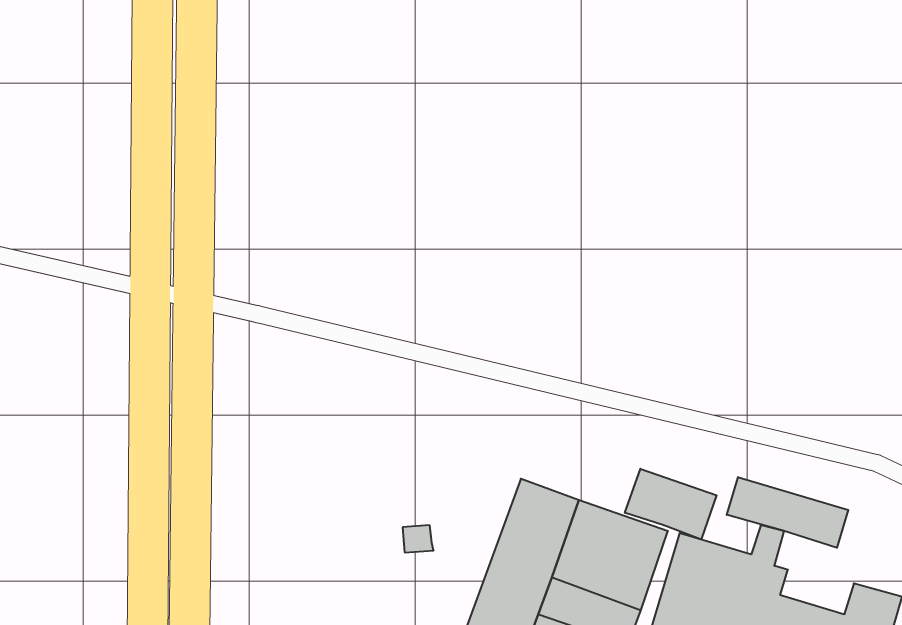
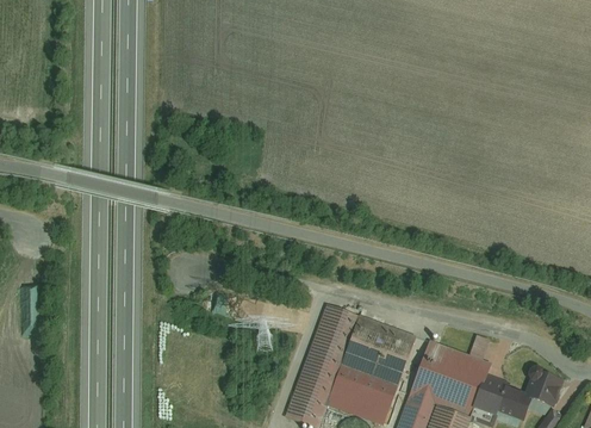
building: [625,469,717,539] -> none
building: [727,477,848,548] -> none

